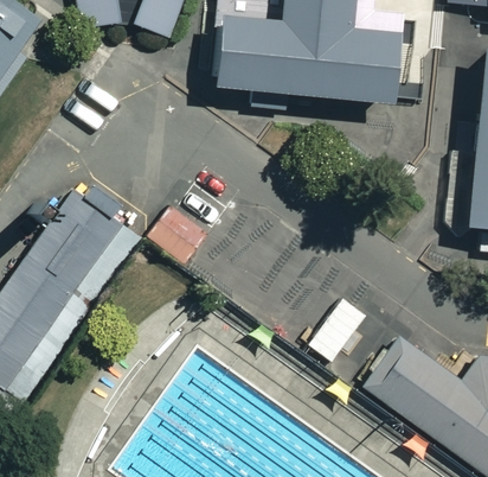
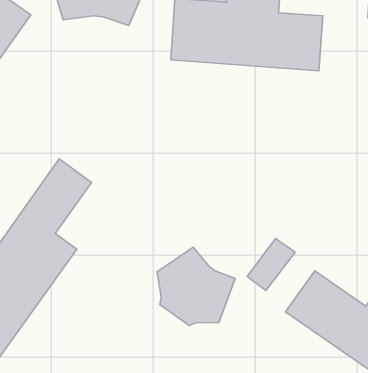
building: none -> [157,247,235,325]

